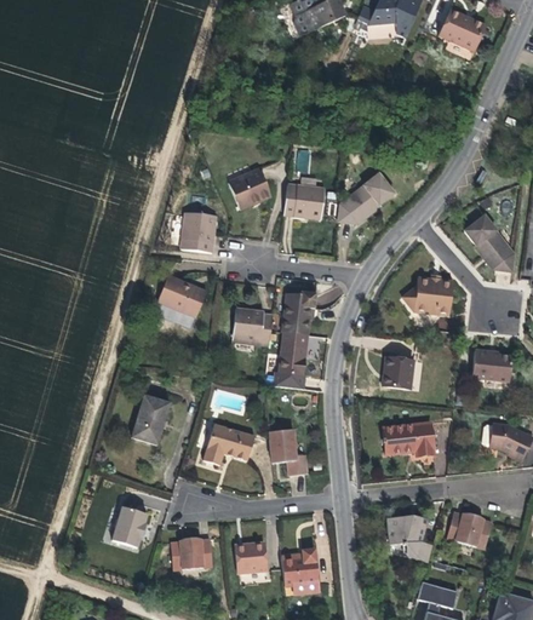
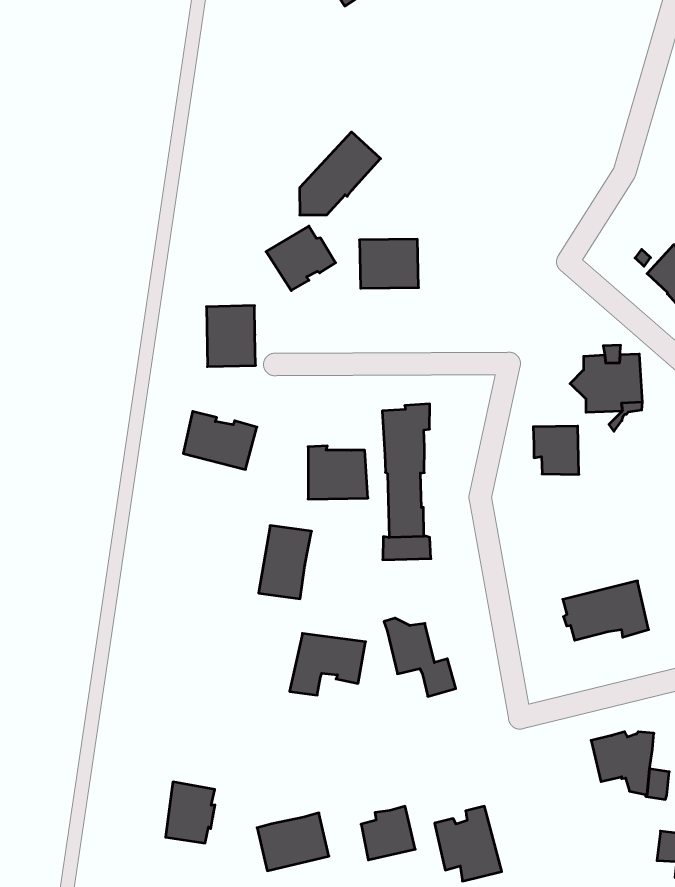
building: [338,173,394,223] -> [300,132,381,215]
building: [383,355,413,389] -> [533,426,579,474]
building: [131,395,170,443] -> [259,526,312,599]

